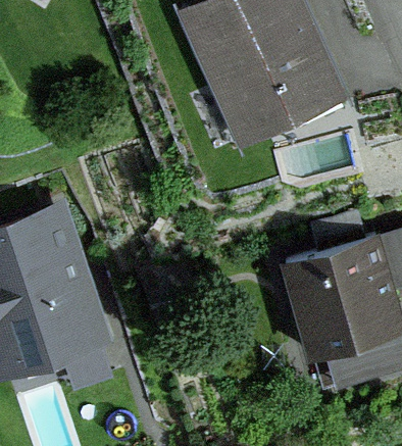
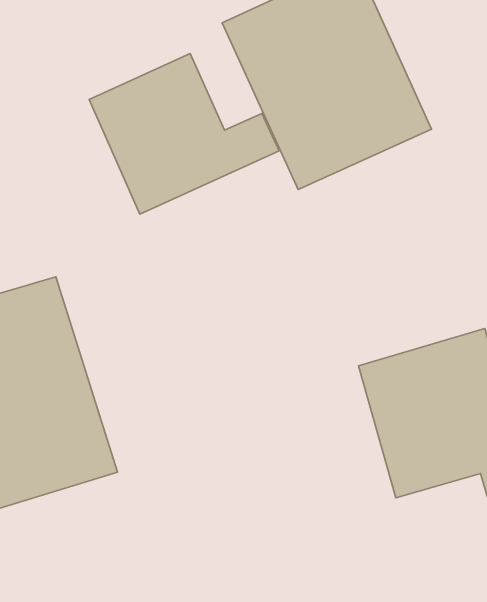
building: none -> [89,54,279,214]

